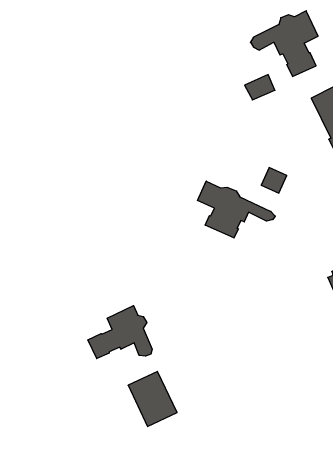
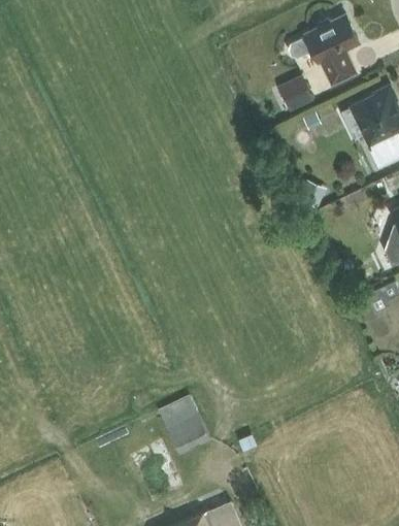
building: [198,181,275,238] -> none
building: [88,306,152,359] -> none

